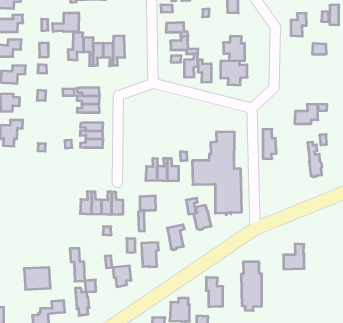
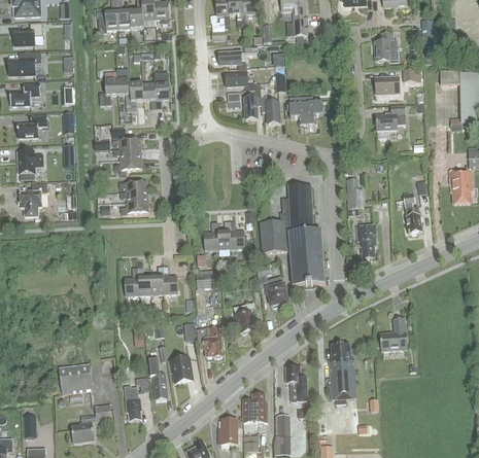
building: [53,13,79,32] -> none
building: [224,36,245,61] -> none
building: none -> [374,75,399,94]
building: [295,104,318,124] -> [375,104,404,130]
building: none -> [355,223,376,257]
building: [70,248,85,281] -> [146,357,167,398]

